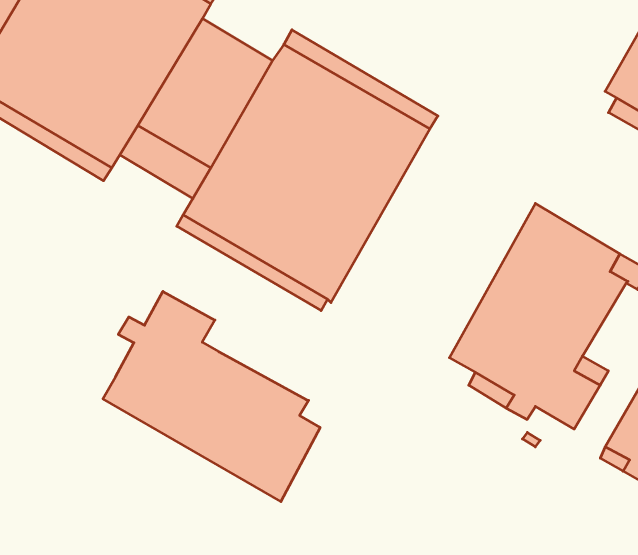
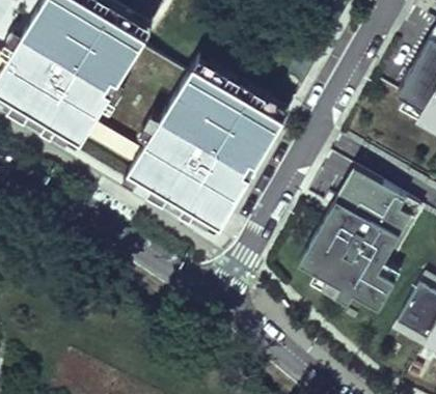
building: [103,291,320,502] -> none

